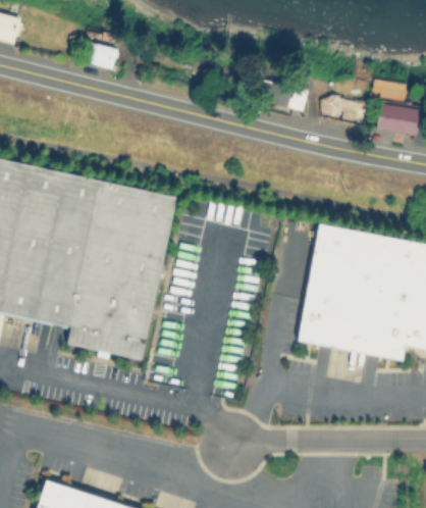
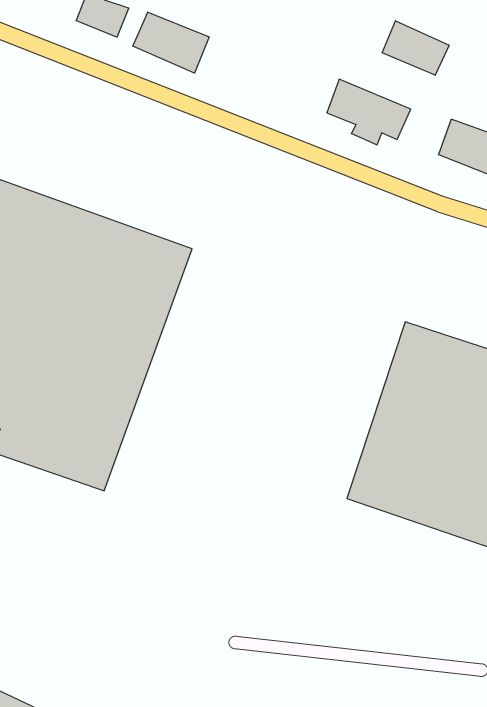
building: none -> [382,21,449,75]
building: none -> [133,12,209,73]

